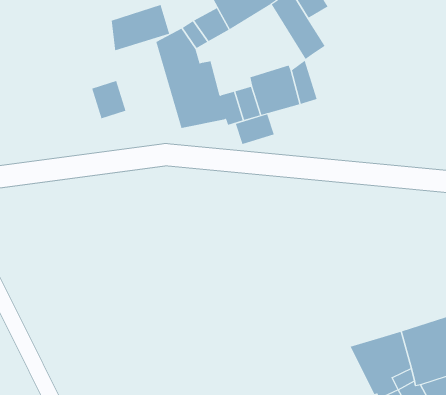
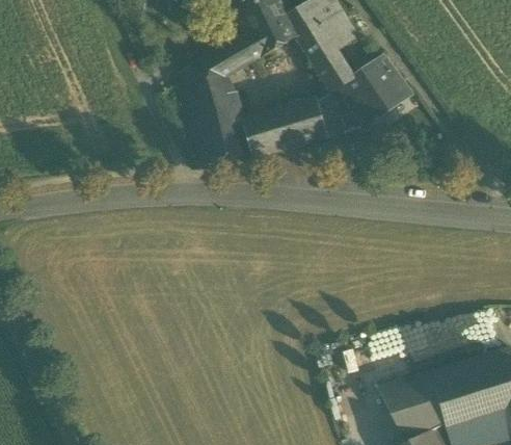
building: [111,4,170,51] -> none
building: none -> [342,58,412,129]
building: [91,80,126,119] -> none
building: [235,114,274,145] -> none

